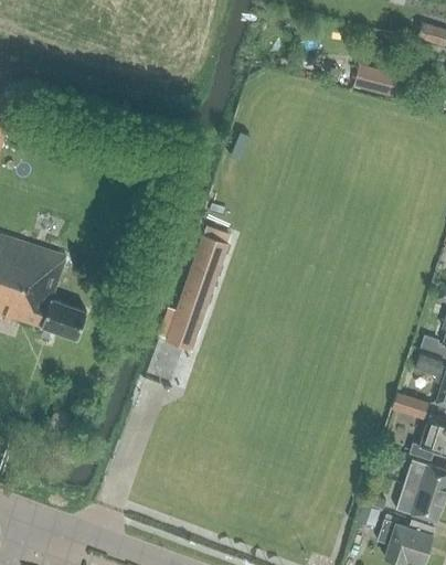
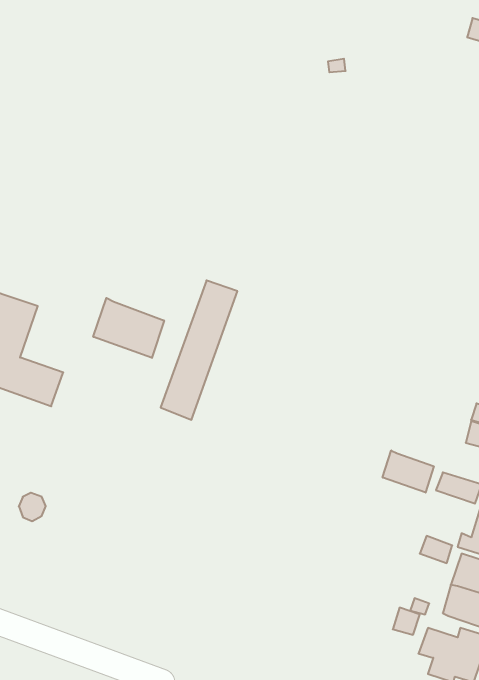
building: [351,62,402,97] -> none
building: none -> [93,298,164,358]
building: none -> [383,450,434,493]

